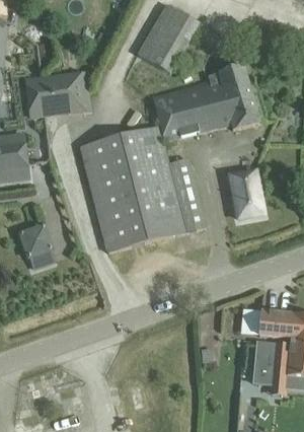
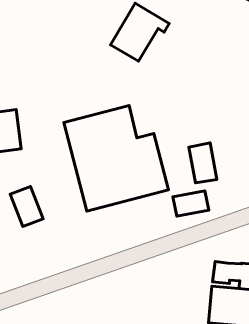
building: [153,67,259,141] -> none
building: [22,72,90,119] -> none
building: none -> [173,191,209,216]

